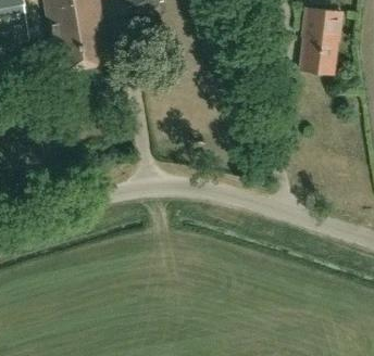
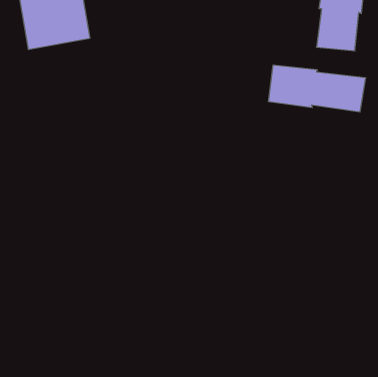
building: none -> [269,65,365,112]

